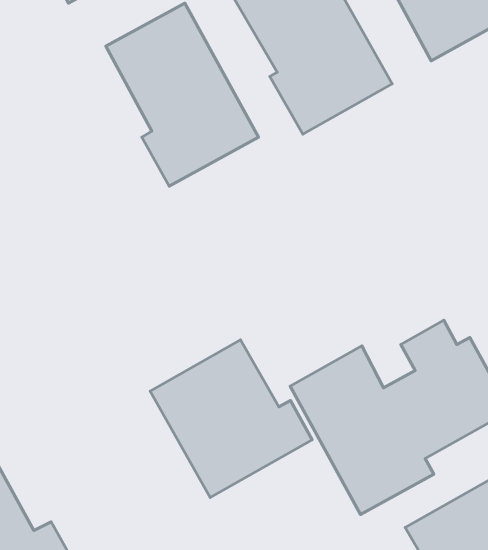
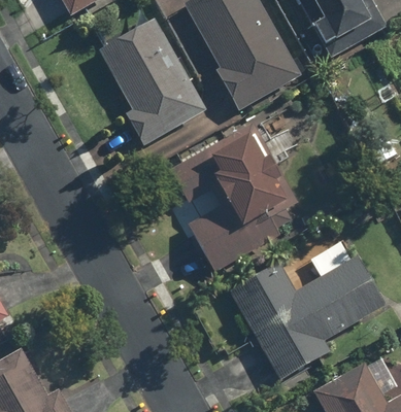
building: none -> [162,126,291,273]
building: [150,340,312,497] -> none

